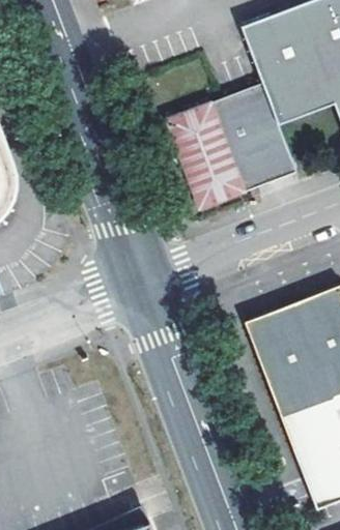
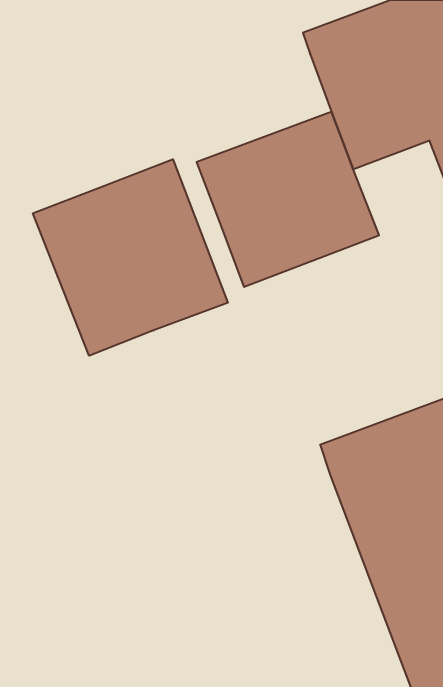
building: none -> [33,159,228,356]

